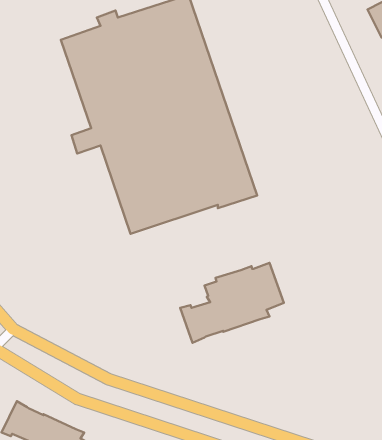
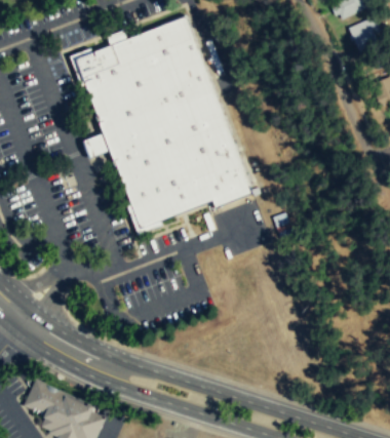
building: [180,263,284,343] -> none

